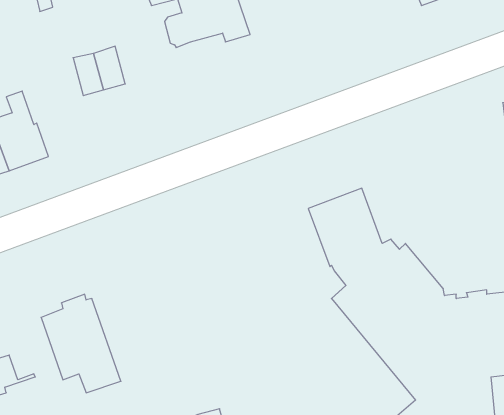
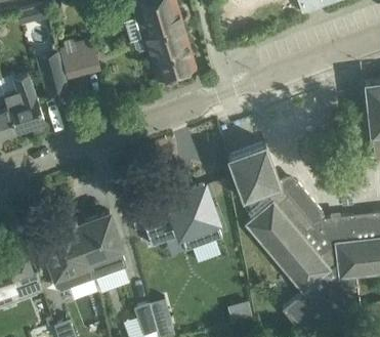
building: none -> [134,34,197,82]
building: none -> [38,53,68,93]
building: none -> [140,185,222,251]
building: none -> [75,214,127,280]

